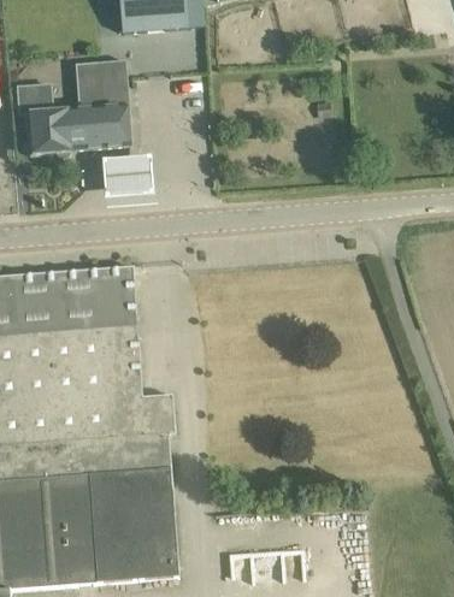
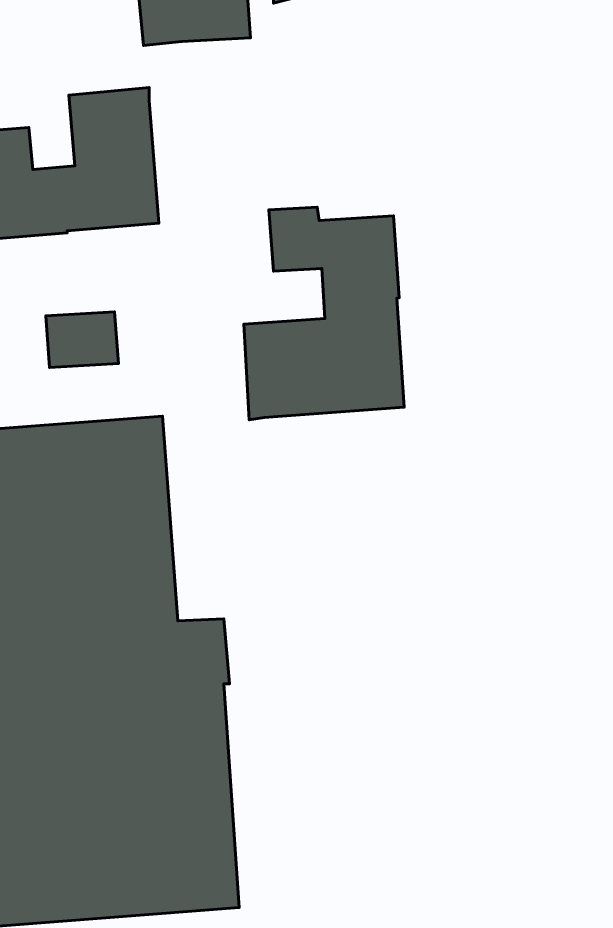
building: none -> [244,207,404,420]
building: [106,154,152,189] -> [46,312,118,367]

